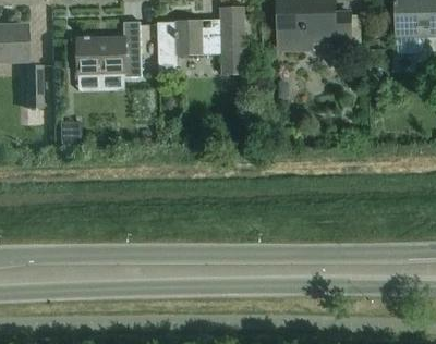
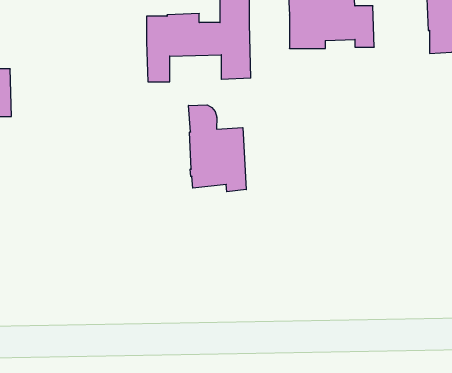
building: [70,21,141,77] -> none
building: none -> [189,105,246,192]

